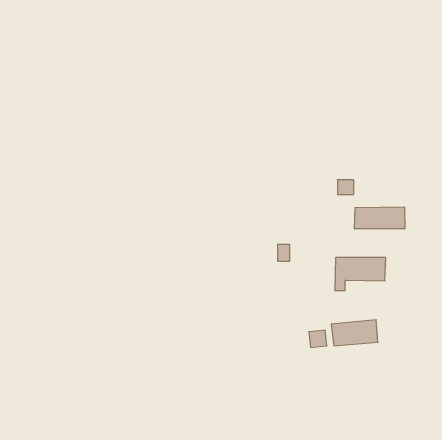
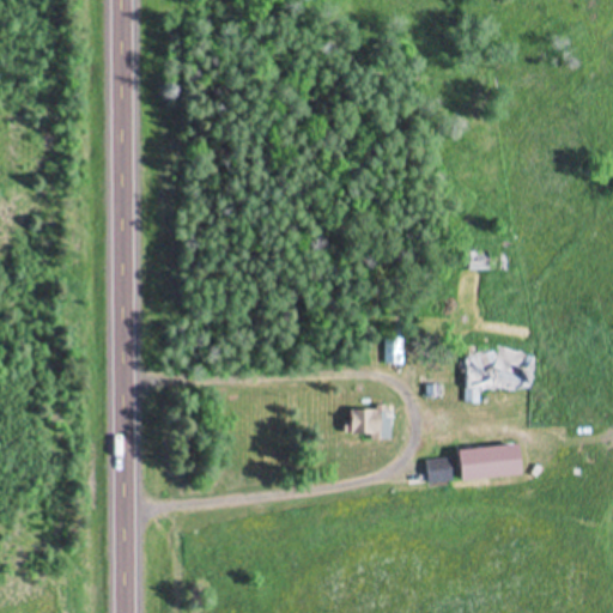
building: [354,207,405,229] -> none
building: none -> [346,408,388,436]

